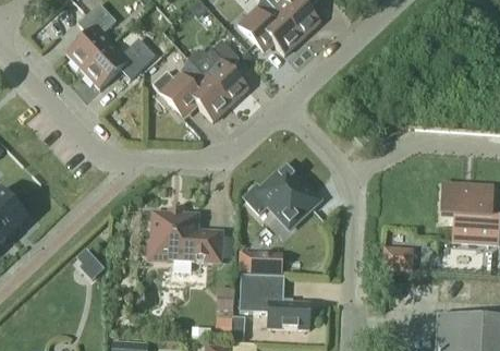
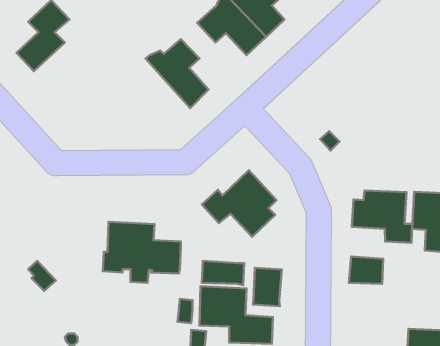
building: [83,37,156,87] -> none
building: [153,57,231,120] -> none
building: none -> [352,190,412,243]
building: none -> [253,268,282,306]

